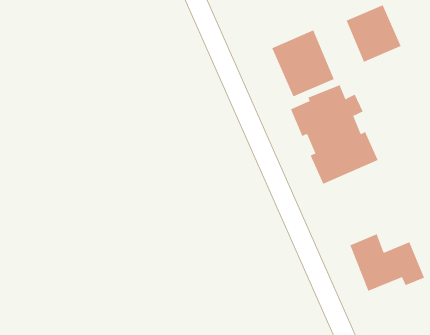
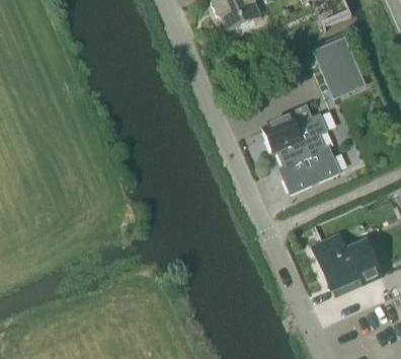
building: [271,30,334,97] -> none

